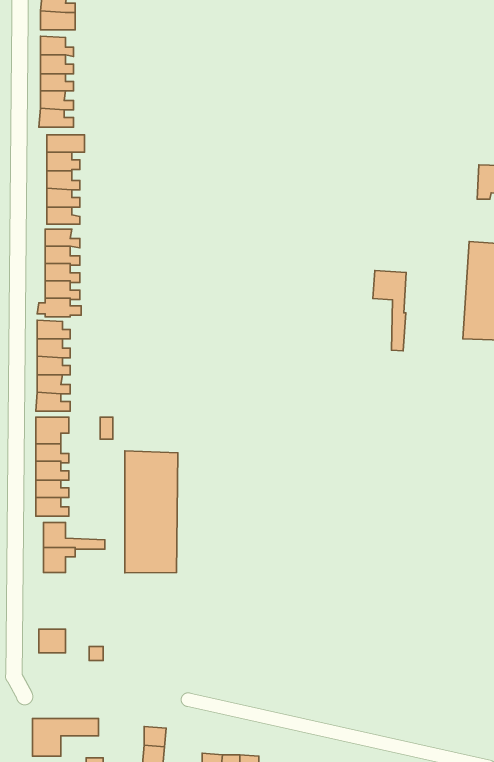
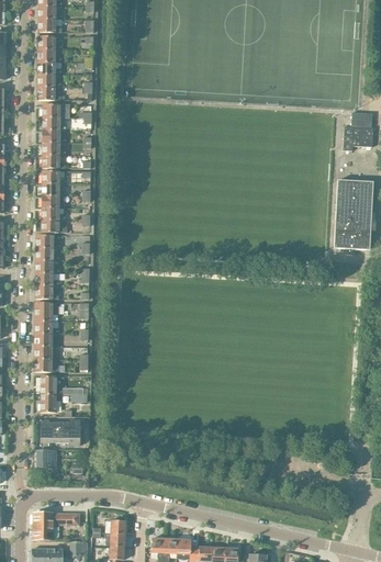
building: [373,271,406,351] -> none
building: [125,451,178,573] -> none
building: none -> [40,420,79,446]

